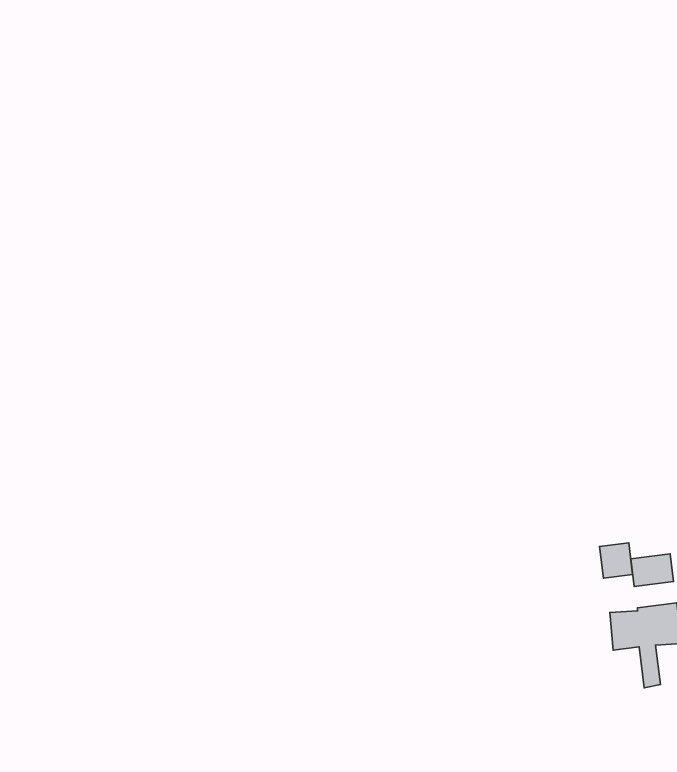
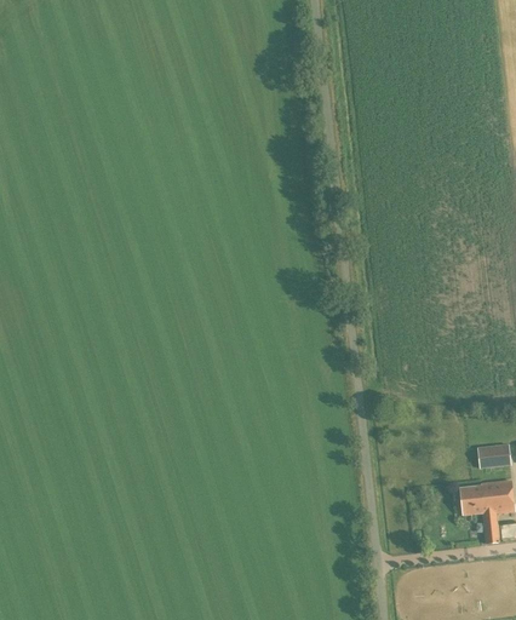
building: [600,543,633,578] -> none

